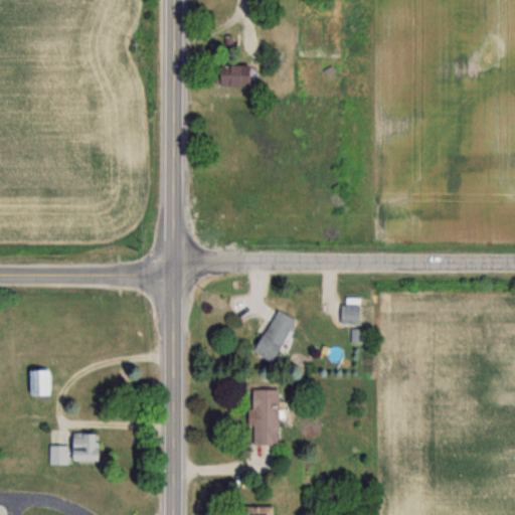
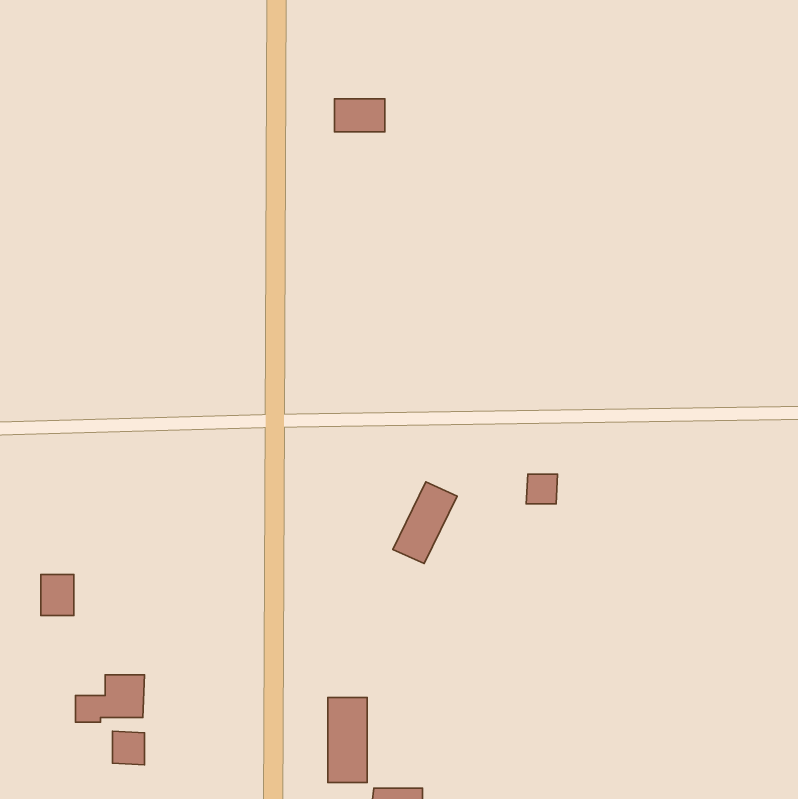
building: [254,390,280,445] -> [328,698,367,782]
building: none -> [113,731,145,765]

